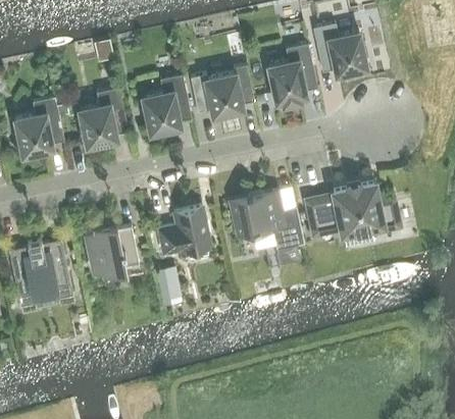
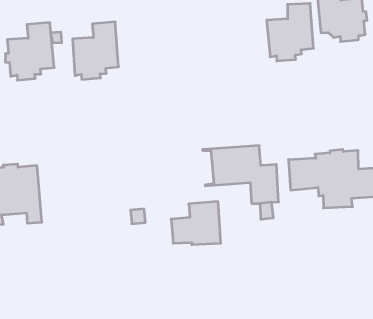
building: [190,66,254,119] -> none
building: [142,75,192,137] -> none
building: [158,207,210,254] -> [171,202,221,245]
building: [85,225,139,276] -> none

